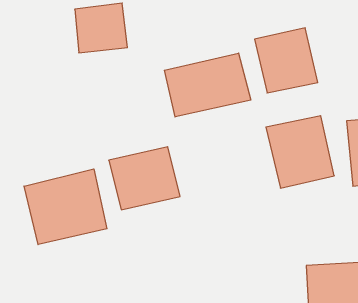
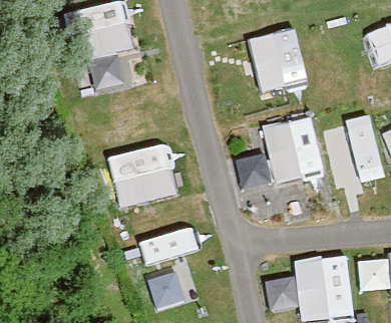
building: [164,53,251,117] -> none
building: [24,169,107,245] -> none

